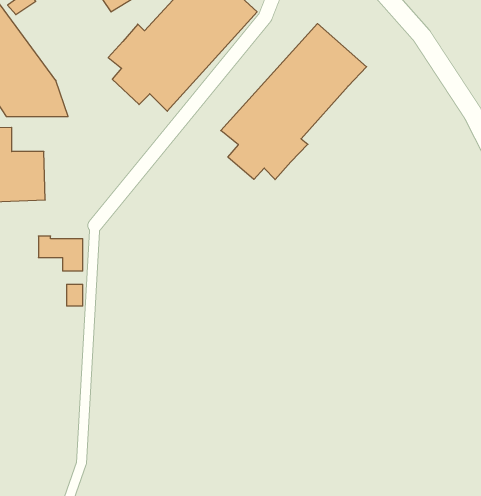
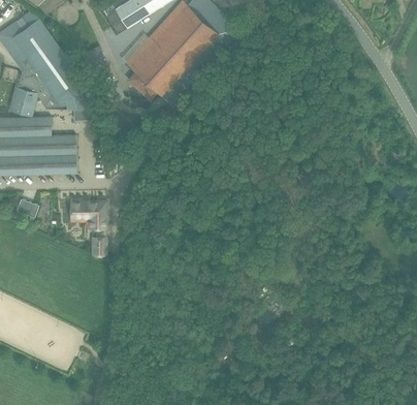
building: [221,24,367,180] -> none

